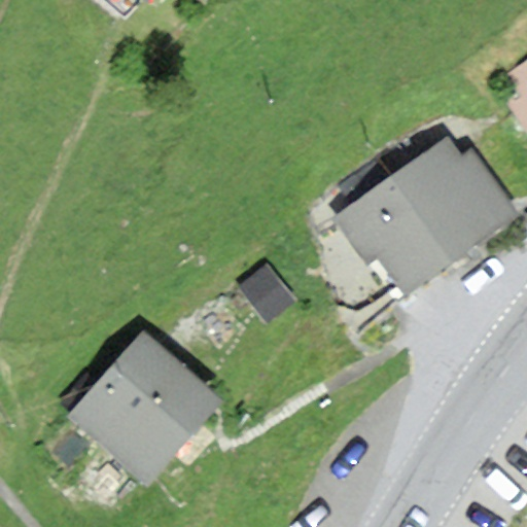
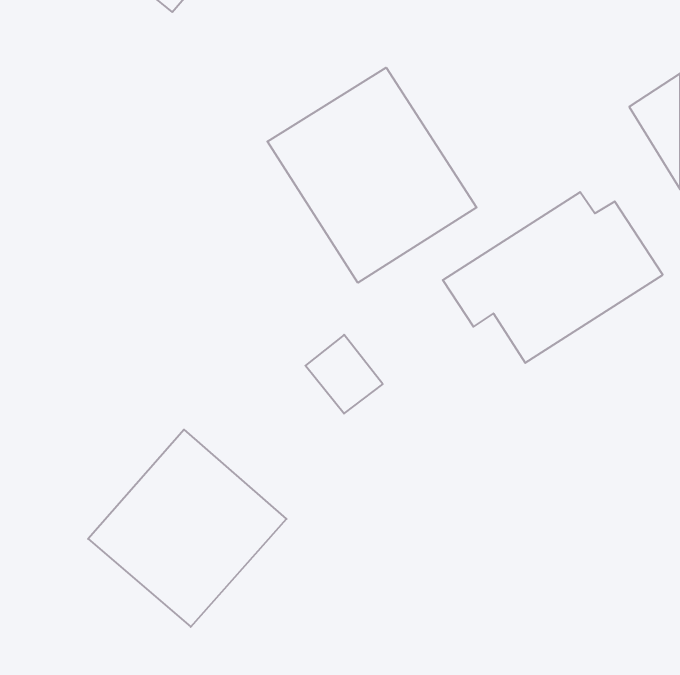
building: none -> [267,68,477,283]

